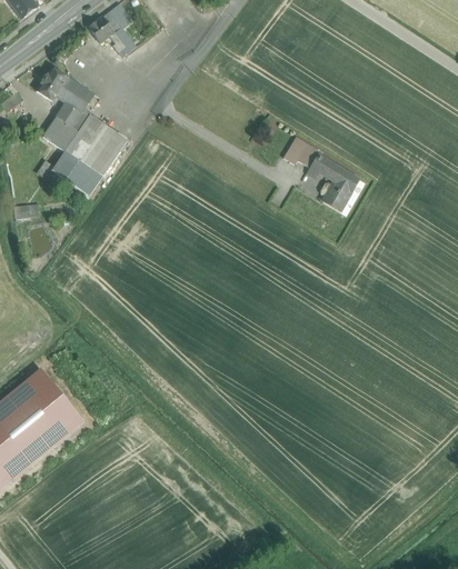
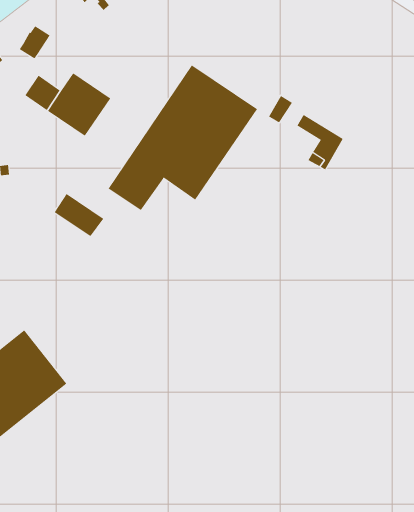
building: [56,77,94,131] -> none
building: none -> [108,65,258,211]
building: [52,151,102,194] -> [54,193,104,237]

